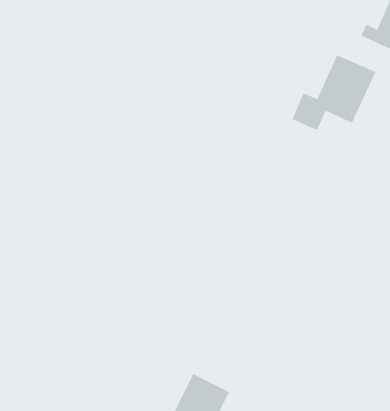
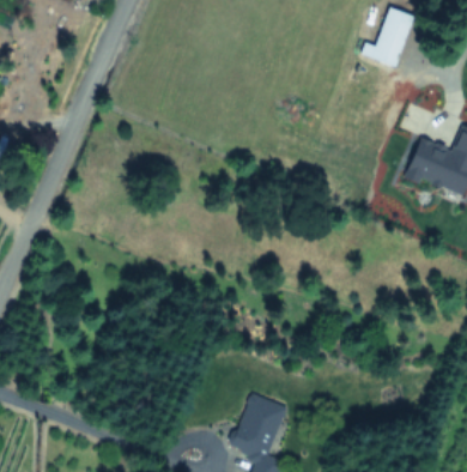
building: [292,54,376,131] -> none

